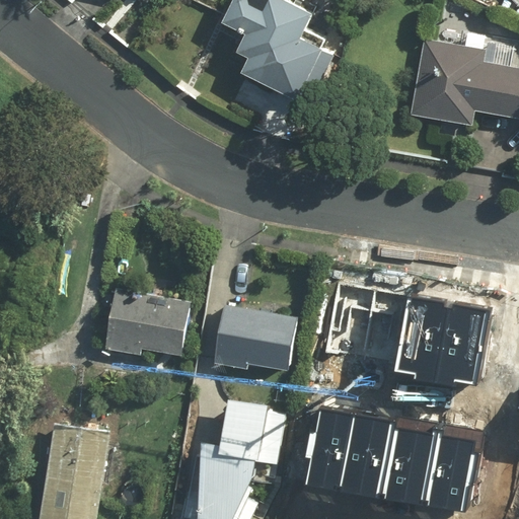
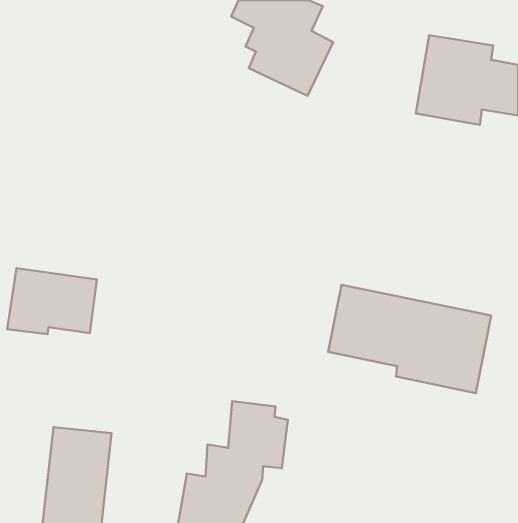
building: [102,289,191,354] -> [7,268,97,334]
building: [211,303,299,369] -> none
building: [304,413,469,511] -> none

